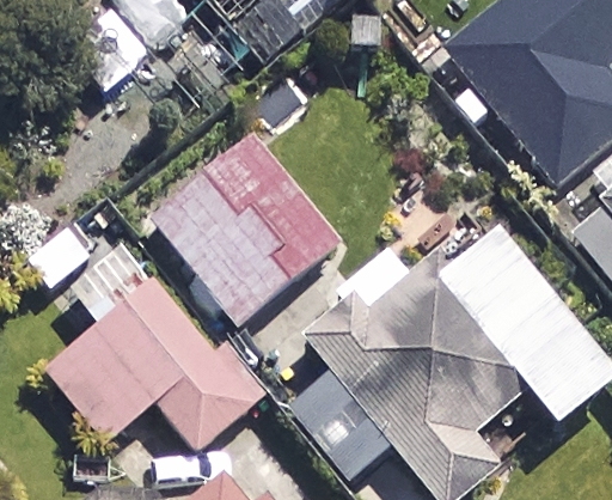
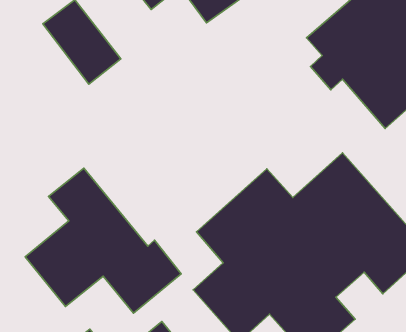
building: [149,129,341,321] -> none

